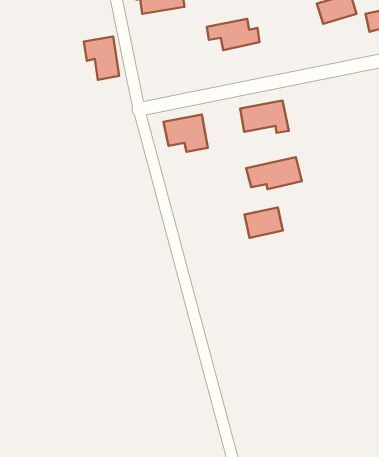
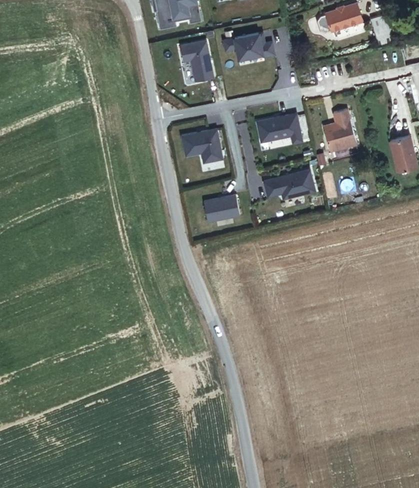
building: [84,37,119,80] -> [177,39,212,82]
building: none -> [328,110,360,153]
building: [245,207,283,238] -> [200,193,238,223]

